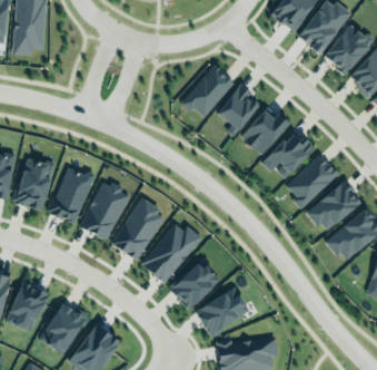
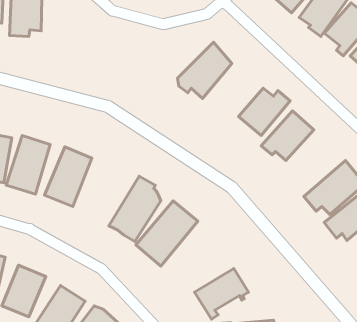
building: [217,85,257,132] -> none
building: [286,156,338,211] -> none
building: [76,181,130,243] -> none
building: [168,260,218,310] -> none

